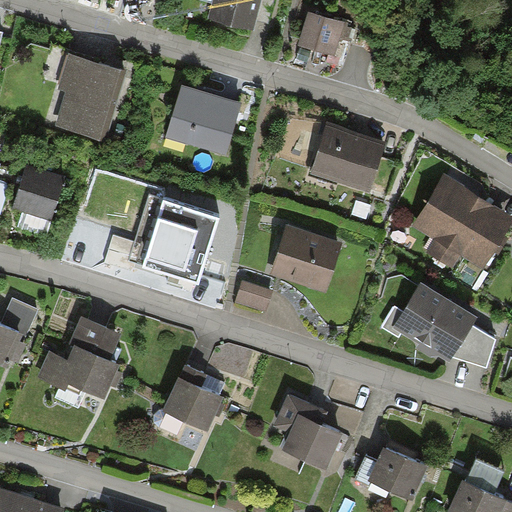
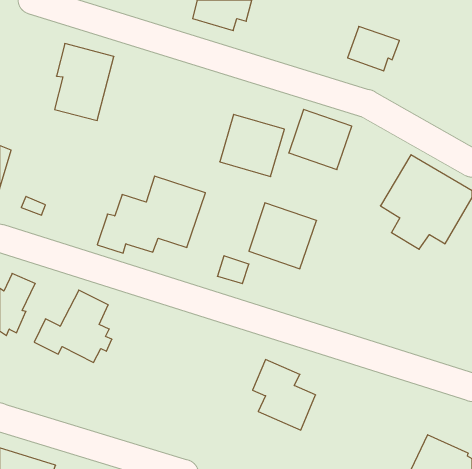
building: [297,17,353,65] -> [348,26,399,71]
building: [168,85,238,152] -> [220,114,284,177]
building: [12,165,64,221] -> none
building: [382,279,495,368] -> none
building: [152,375,222,435] -> none
building: [366,442,426,497] -> none

